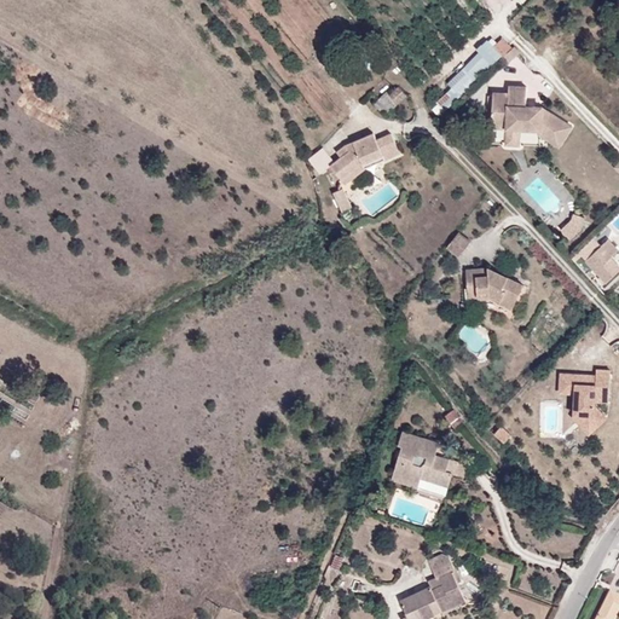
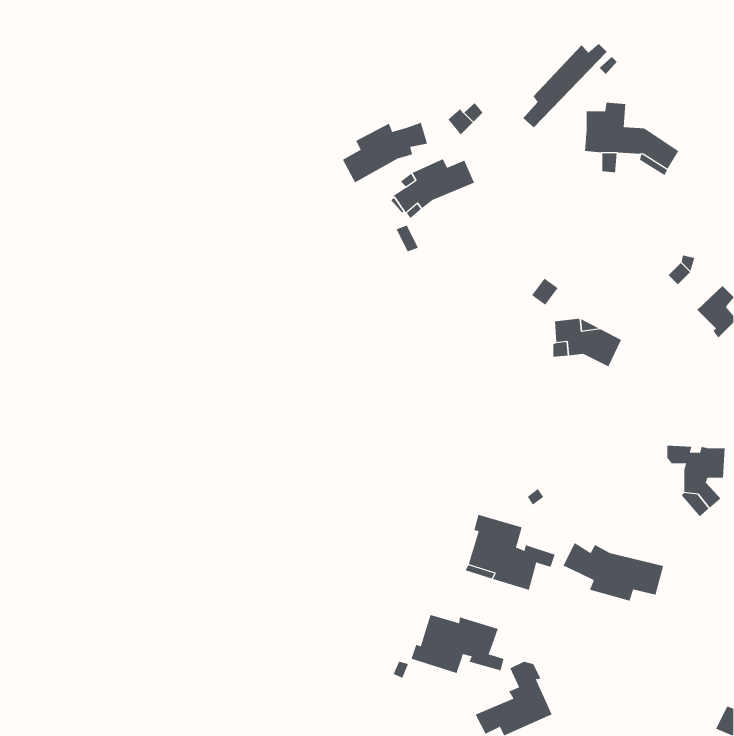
building: none -> [342,122,427,183]
building: none -> [562,542,664,602]
building: none -> [411,614,504,674]

